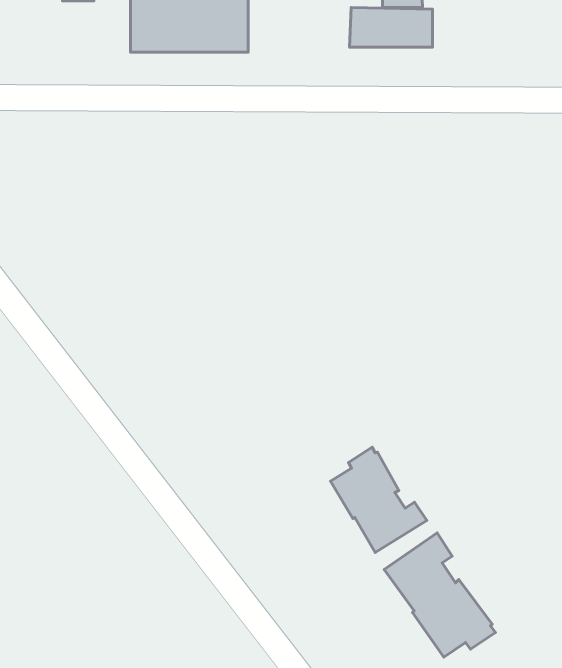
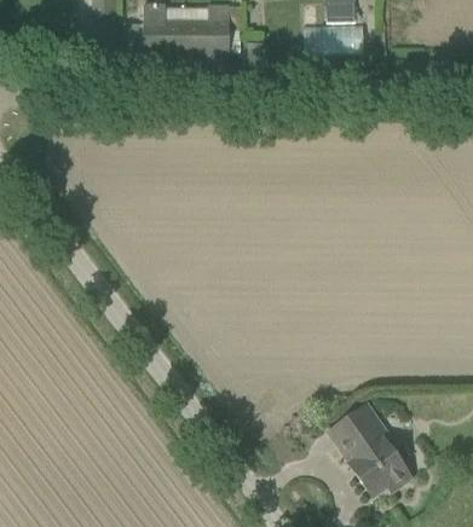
building: [330,447,427,553] -> none

